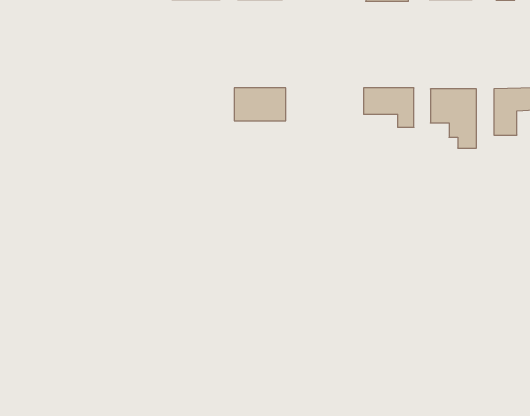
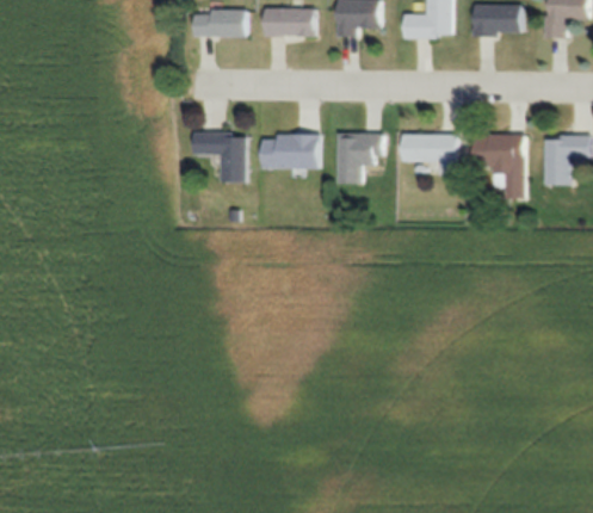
building: none -> [193,131,246,181]
building: none -> [336,132,383,183]

